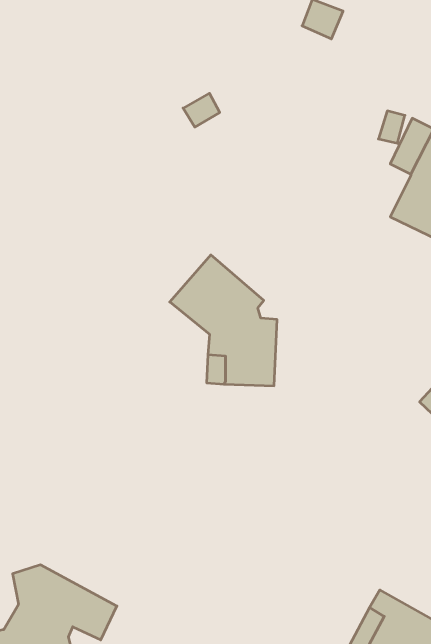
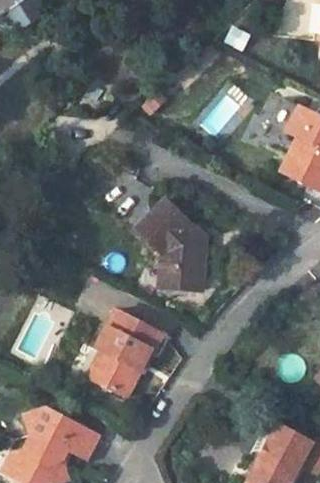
building: none -> [87,311,163,396]

